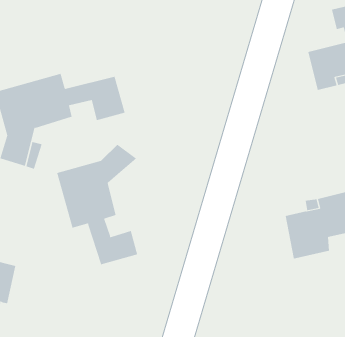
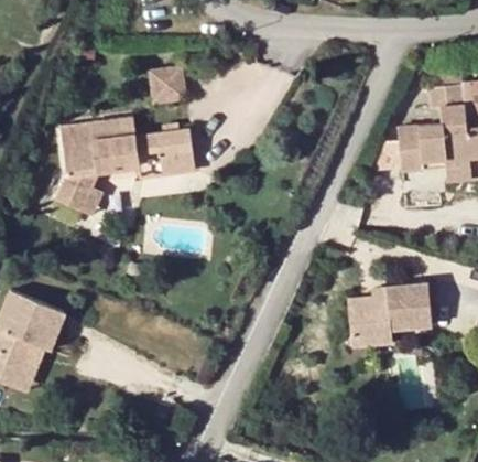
building: none -> [151,64,187,103]
building: [57,144,138,265] -> none

